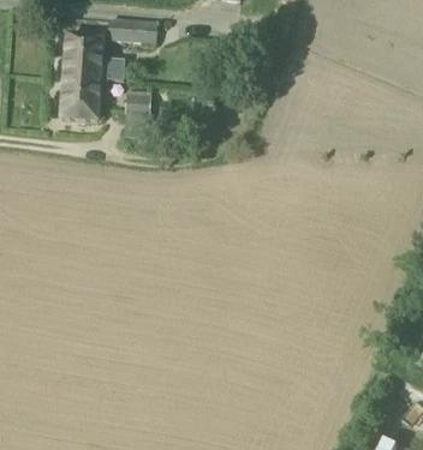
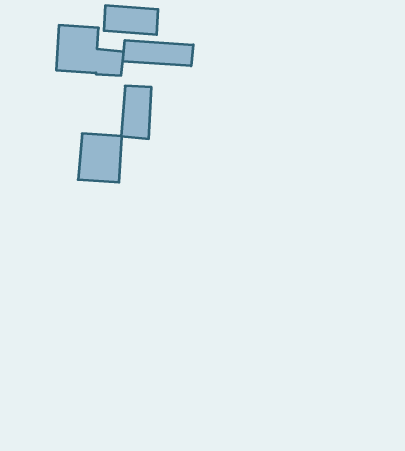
building: none -> [123,40,193,66]
building: [60,74,100,119] -> [78,134,122,182]

